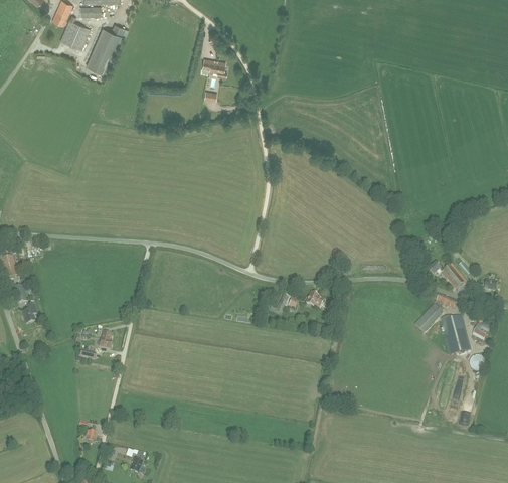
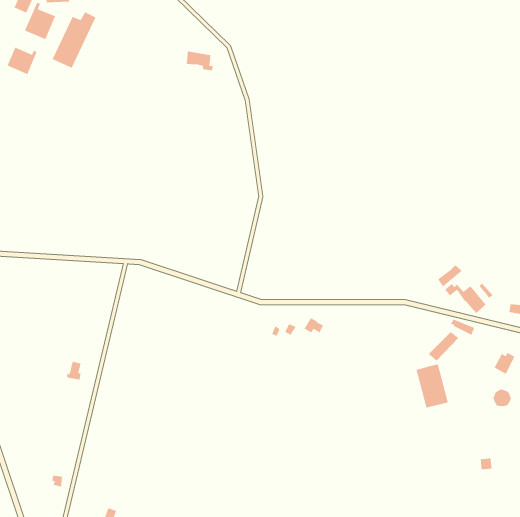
building: none -> [6,46,37,75]
building: [442,314,471,353] -> [415,364,449,408]

